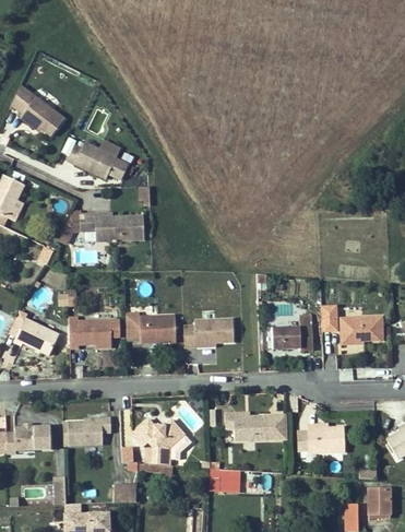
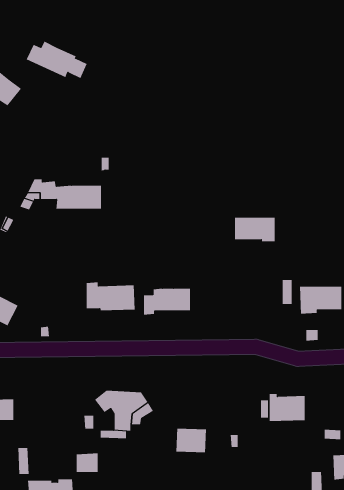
building: [62,138,124,176] -> [26,41,87,79]
building: [68,317,111,348] -> none
building: [273,327,314,352] -> [234,217,275,242]
building: [226,412,290,438] -> none
building: [70,414,112,441] -> none

